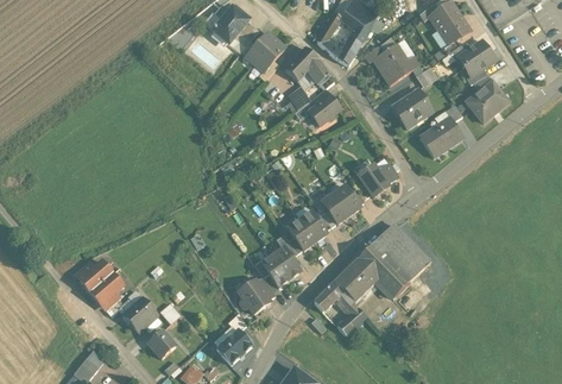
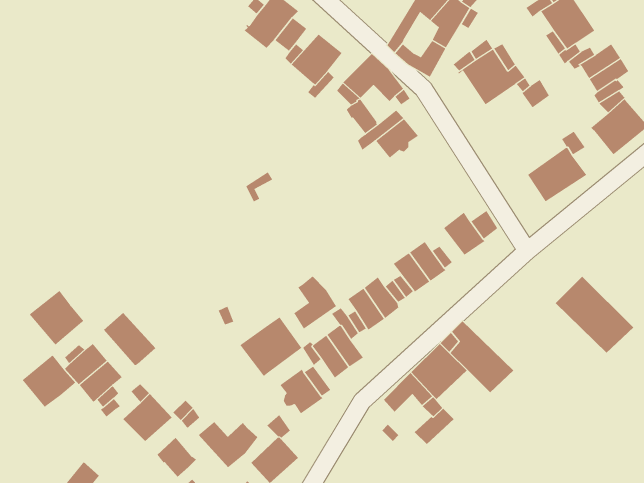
building: [392,89,432,128] -> none
building: none -> [294,276,337,330]
building: none -> [29,290,84,345]
building: [372,224,430,281] -> [555,276,634,353]
building: none -> [103,312,156,366]
building: none -> [239,316,302,377]
building: none -> [22,354,76,408]
building: none -> [198,421,258,468]

